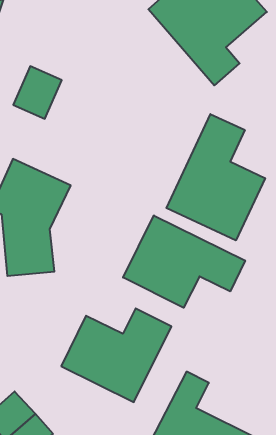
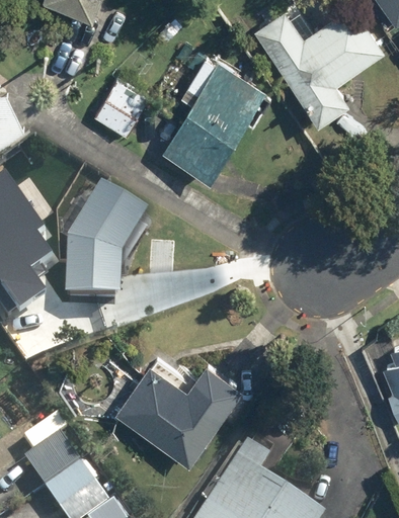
building: none -> [162,55,271,181]
building: [166,114,265,240] -> none
building: [123,215,245,308] -> none

